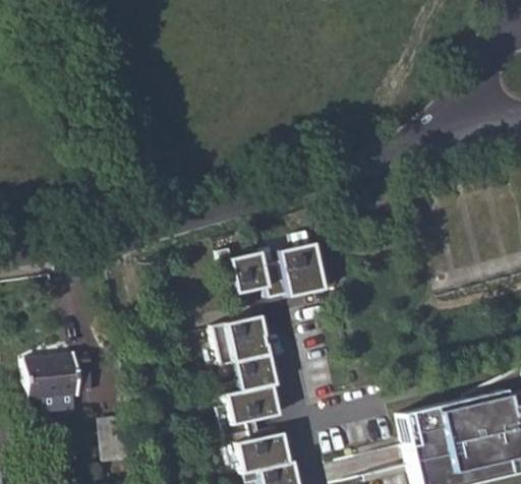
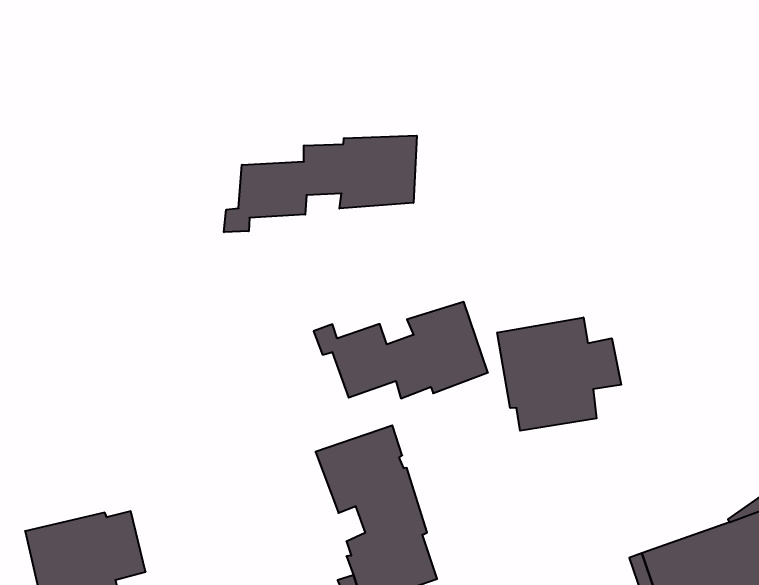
building: none -> [224,136,417,232]
building: none -> [497,317,621,431]

